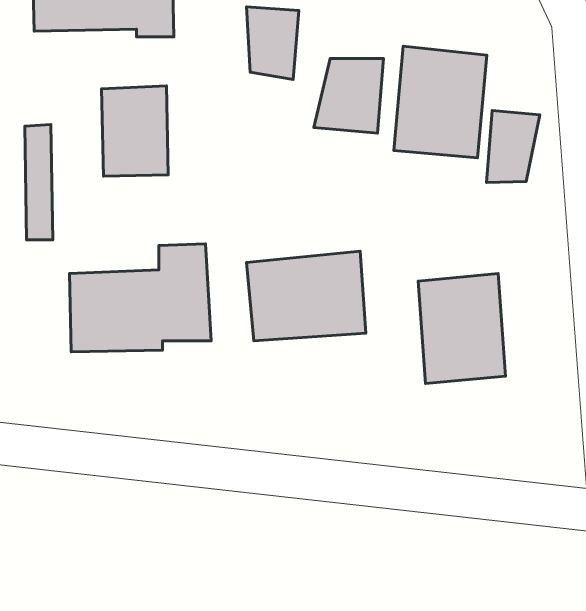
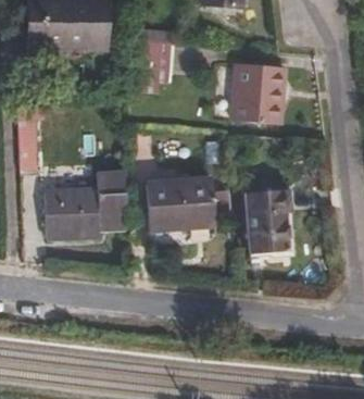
building: [314,58,383,133] -> none
building: [102,86,168,176] -> none
building: [486,110,540,183] -> none

